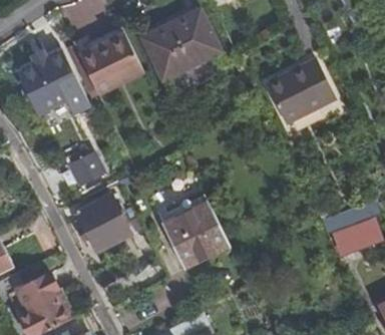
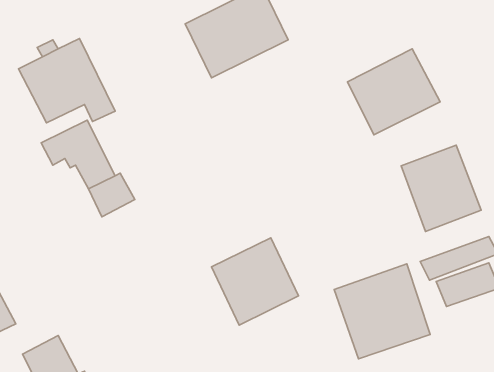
building: [78,31,143,93] -> none
building: none -> [401,145,481,231]
building: [77,196,130,251] -> none
building: none -> [334,264,430,359]

